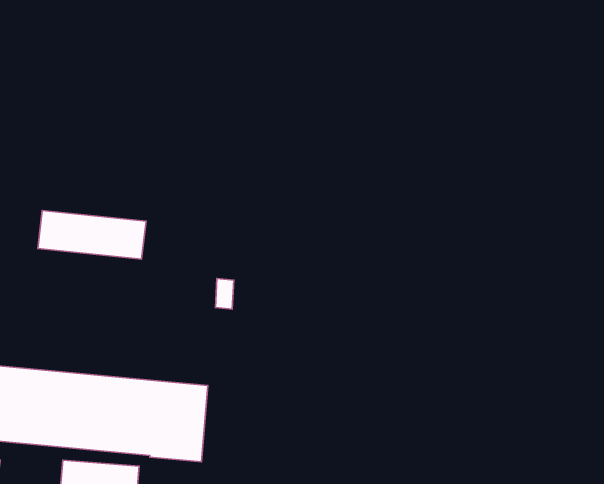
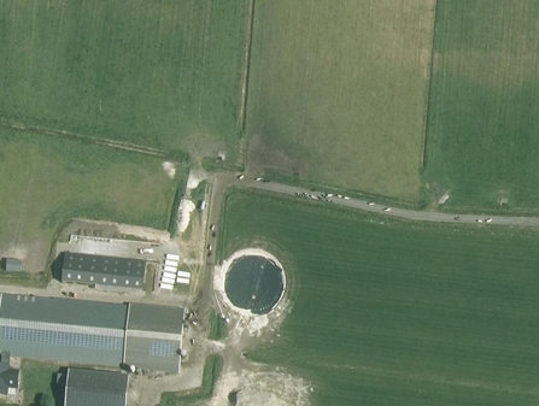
building: [38,210,146,259] -> [59,251,145,289]

